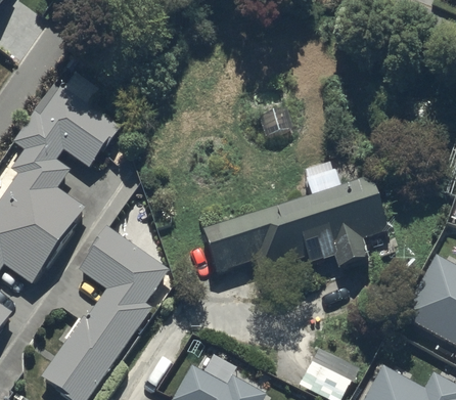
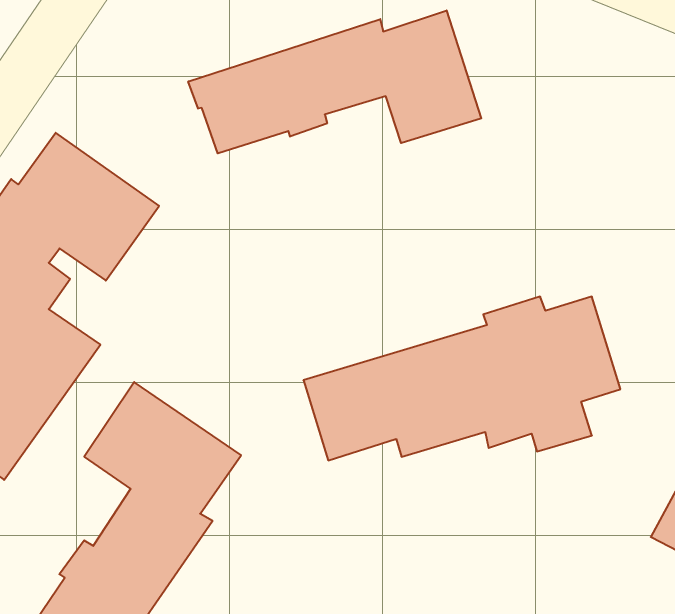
building: none -> [188,10,481,153]

